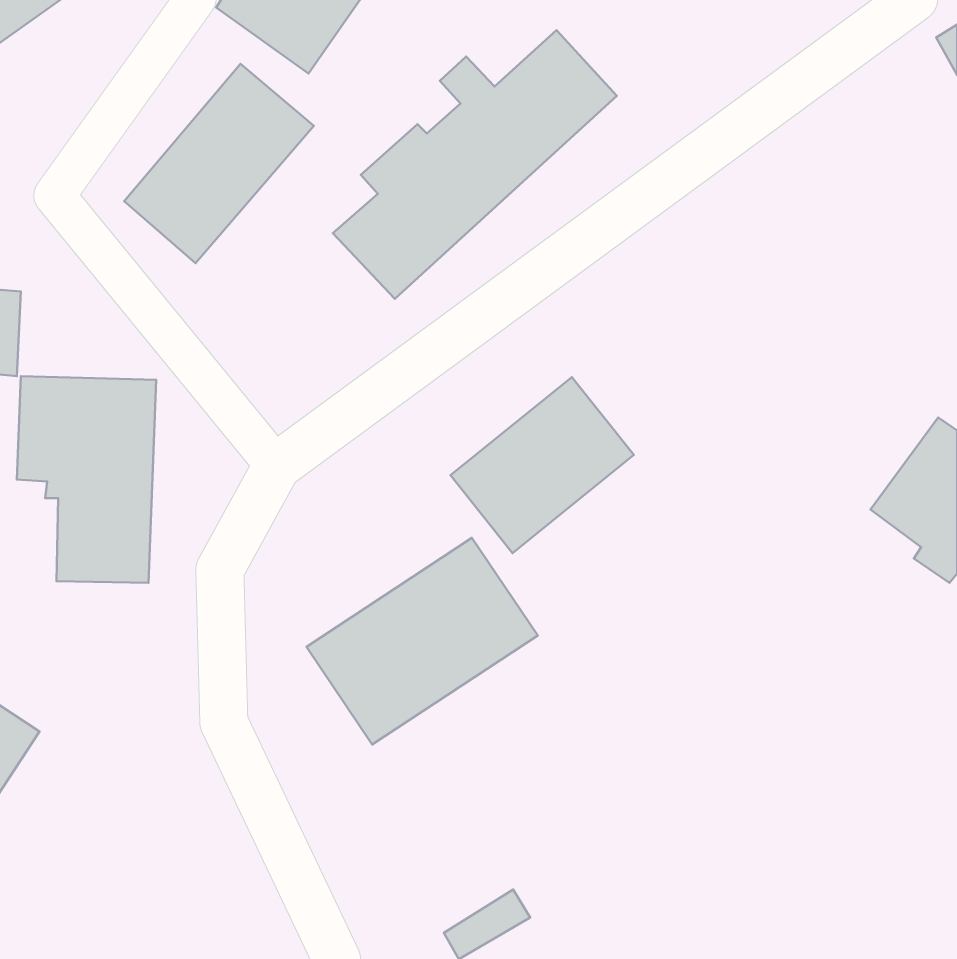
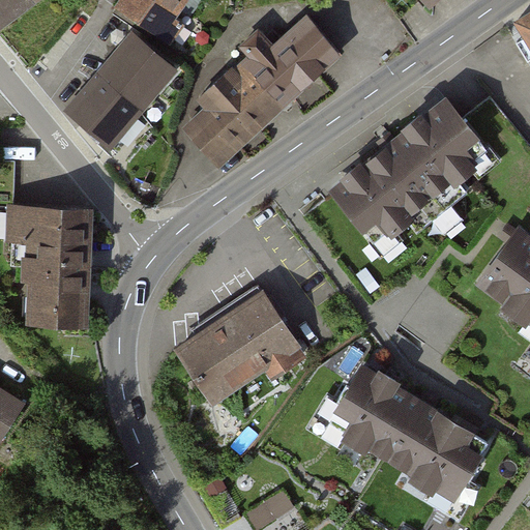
building: none -> [332,98,487,240]
building: [451,377,634,553] -> none
building: none -> [324,367,488,503]

